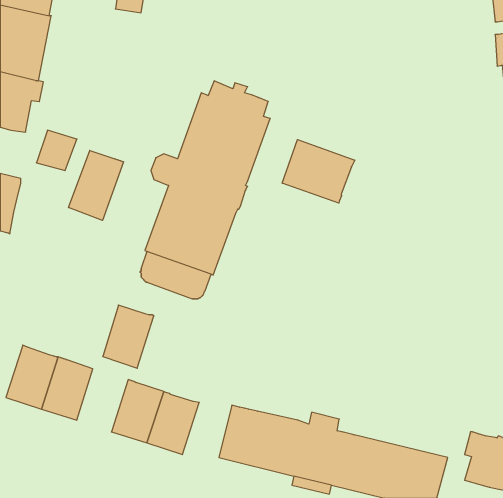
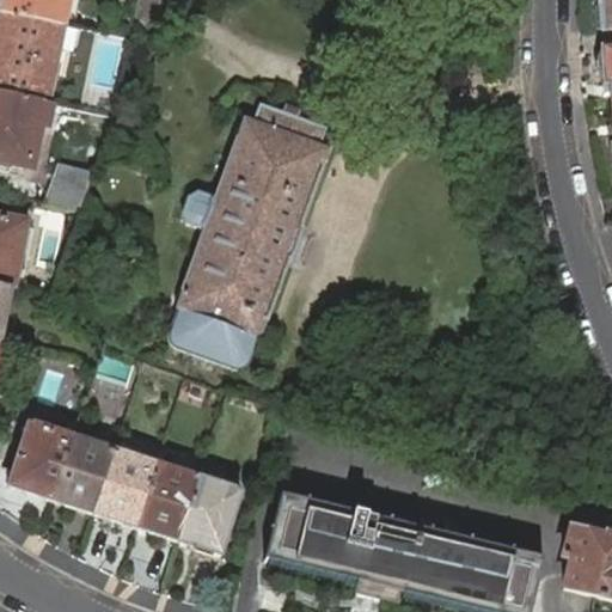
building: [282,140,355,203] -> none
building: [69,150,124,220] -> none
building: [103,305,154,368] -> [94,447,157,524]

